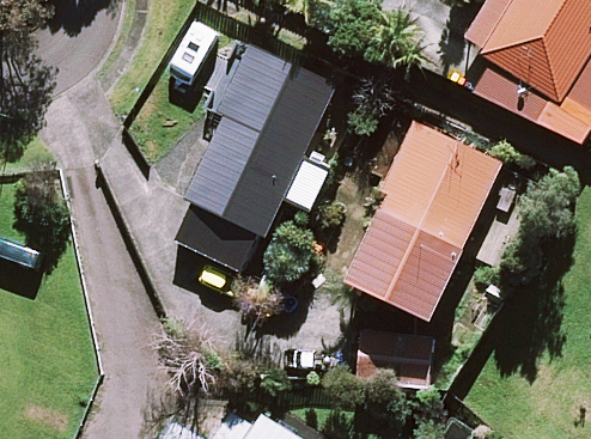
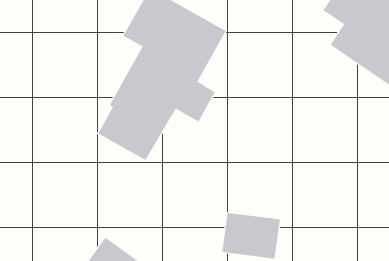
building: [348,127,499,318] -> none

